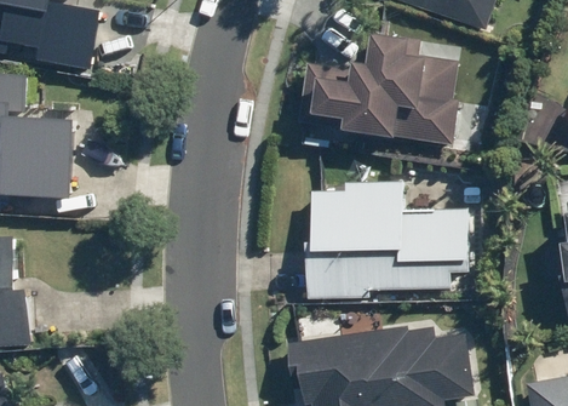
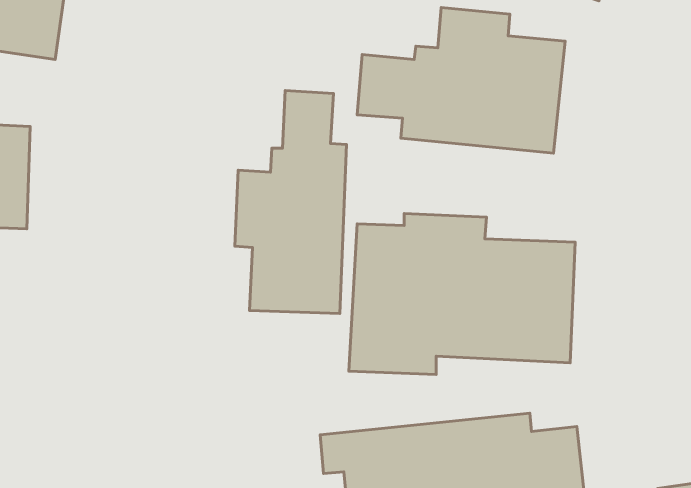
building: none -> [235,91,347,314]

